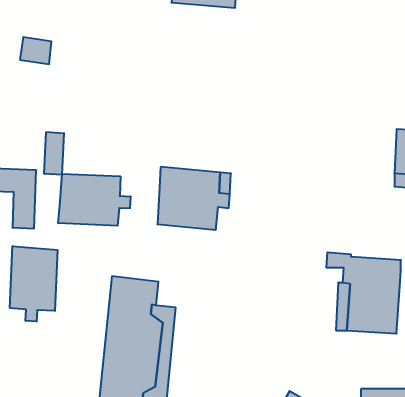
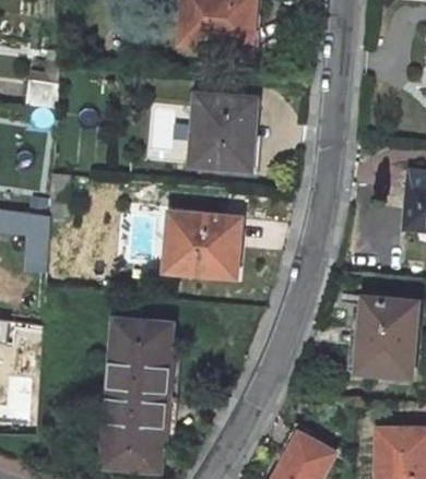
building: none -> [193,93,255,168]
building: [58,174,131,226] -> none
building: [10,246,57,322] -> none

